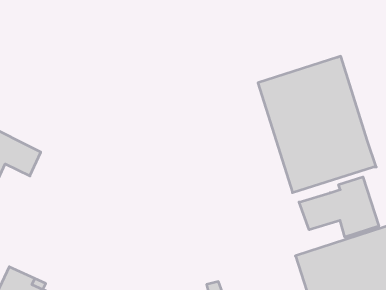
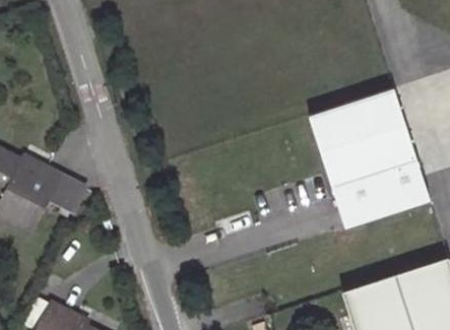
building: [299,177,379,237] -> none

